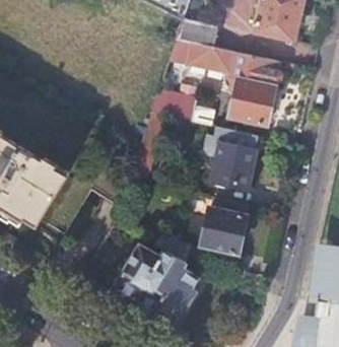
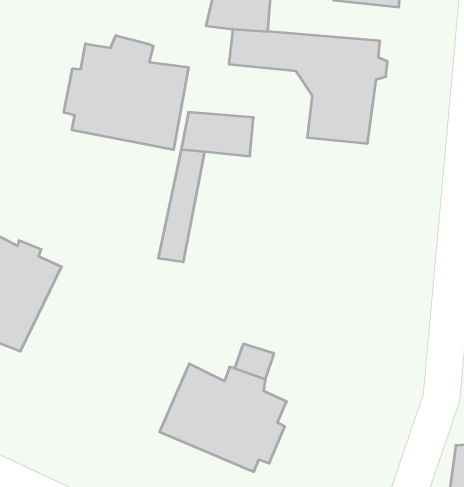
building: none -> [64,35,189,150]
building: [211,128,258,183] -> none
building: [203,197,248,254] -> none

